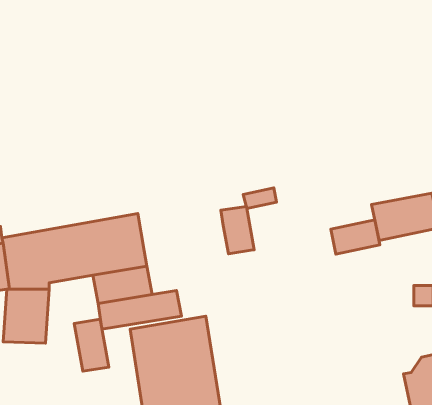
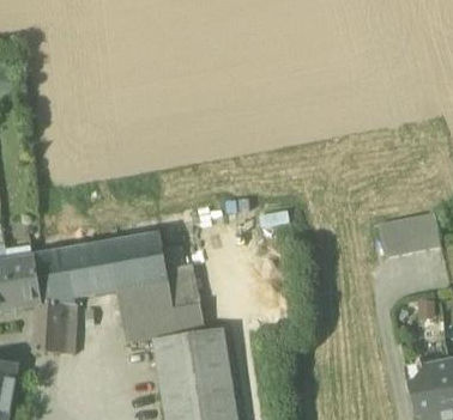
building: [221,206,254,254] -> [165,264,197,309]
building: [331,220,380,254] -> none
building: [74,319,109,371] -> none

